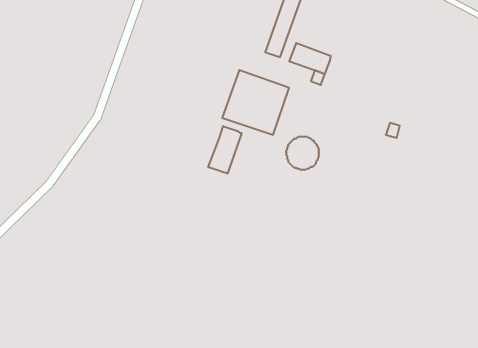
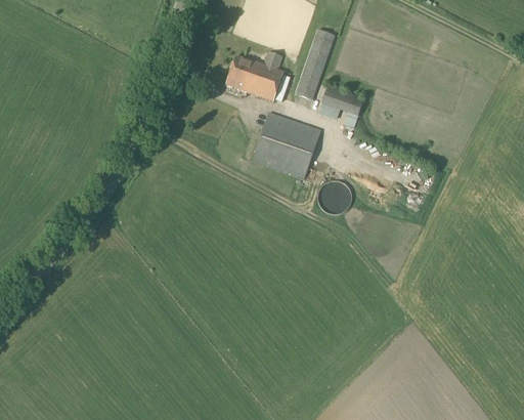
building: none -> [225,51,283,100]
building: [208,126,242,174] -> none

